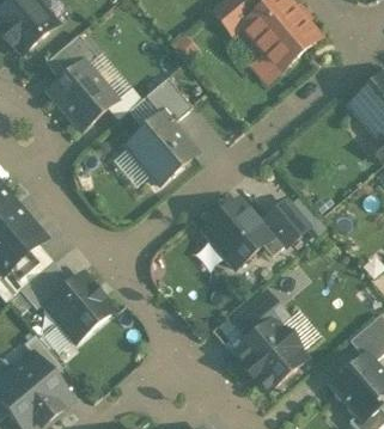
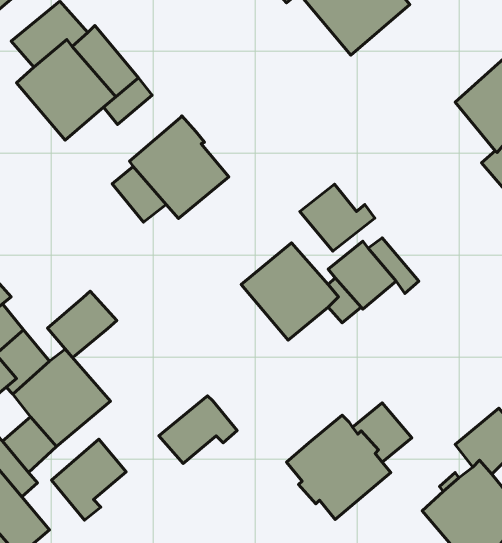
building: [145,76,191,123] -> none
building: none -> [300,184,375,251]
building: none -> [48,291,117,357]
building: [232,290,286,337] -> [159,396,237,464]
building: none -> [52,439,126,520]

